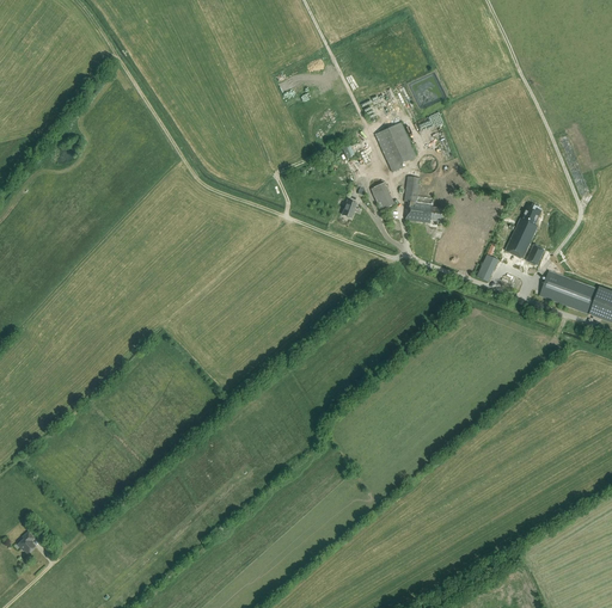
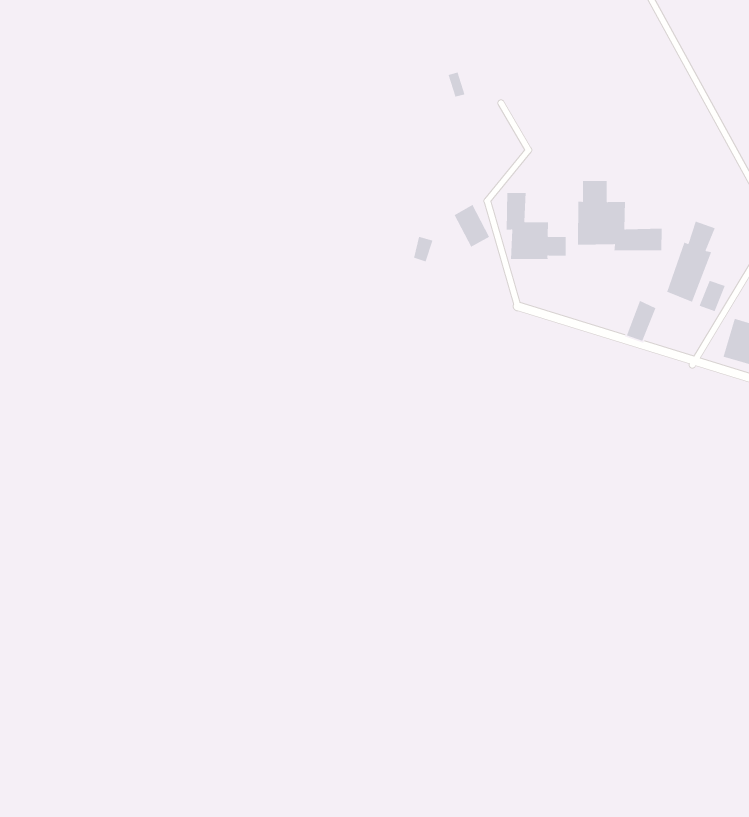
building: [377,122,417,172] -> none
building: none -> [577,180,662,251]

